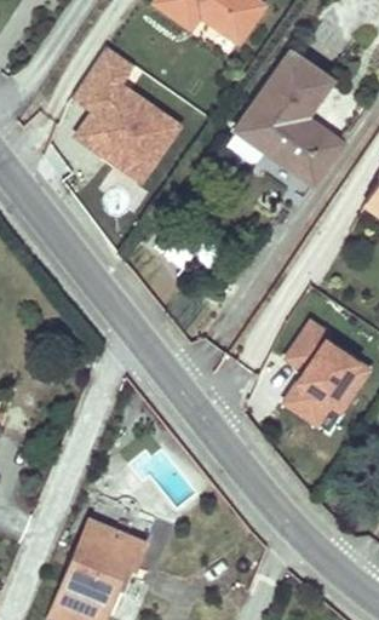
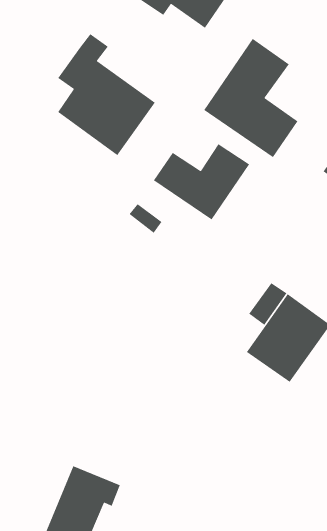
building: none -> [153,143,250,220]

